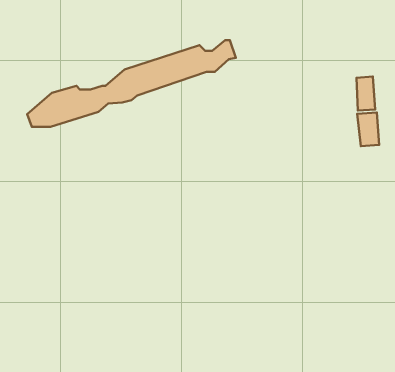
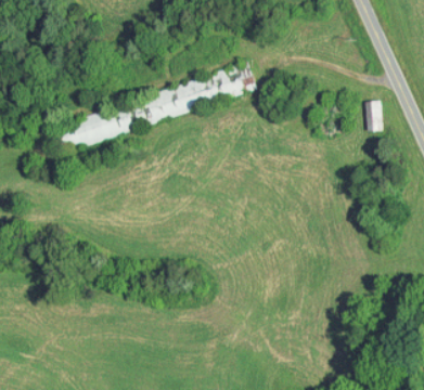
building: [357,112,379,146] -> none

